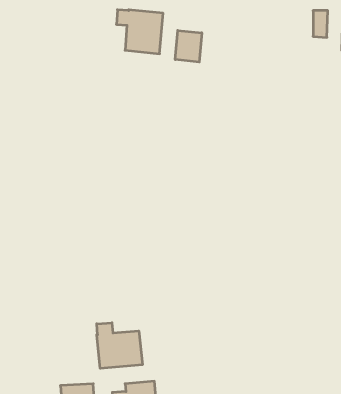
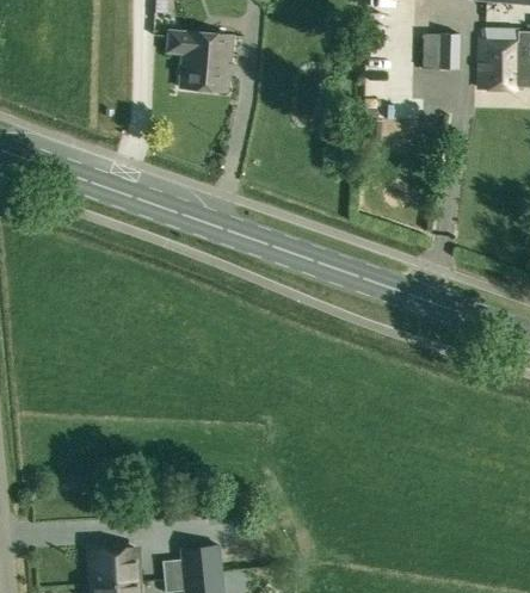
building: [175,30,202,62] -> none
building: [97,323,142,368] -> none

